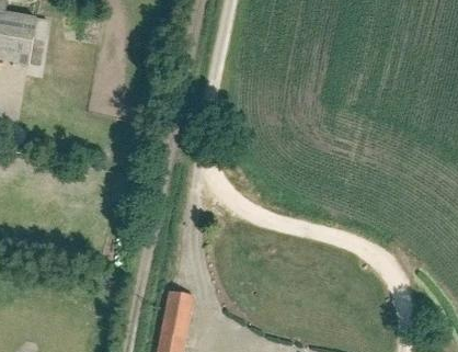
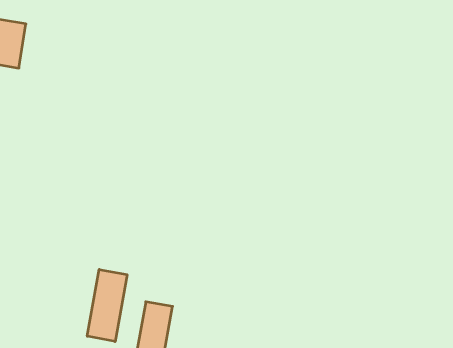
building: none -> [87,269,127,342]

